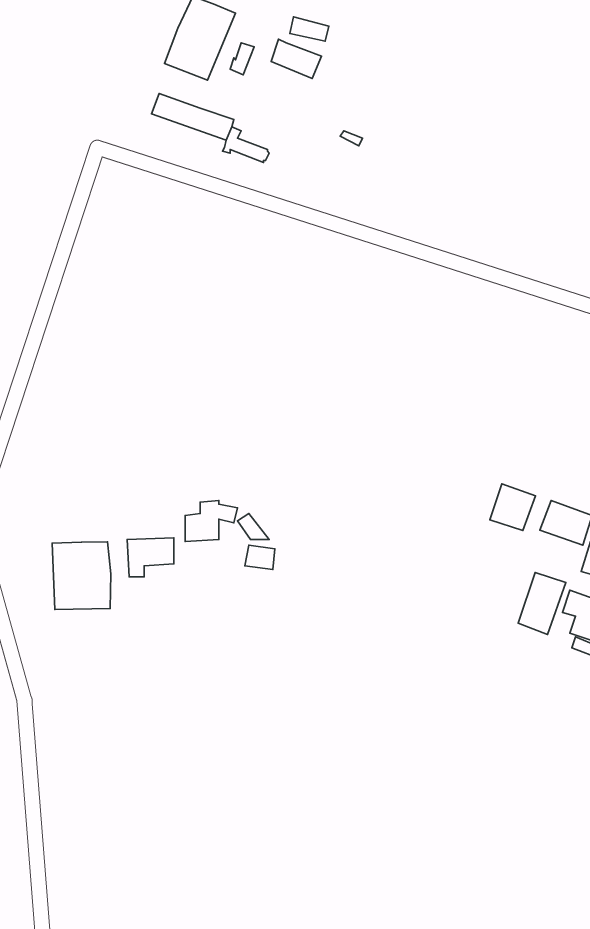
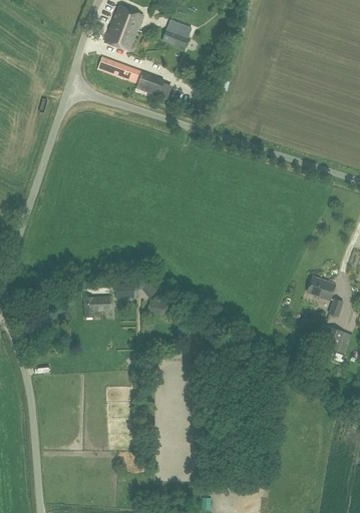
building: [490,484,536,530] -> none
building: [52,542,111,610] -> none
building: [518,573,566,635] -> none

